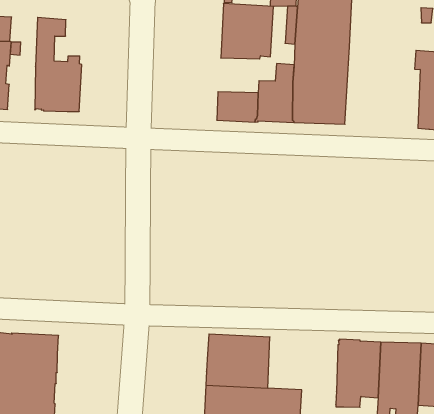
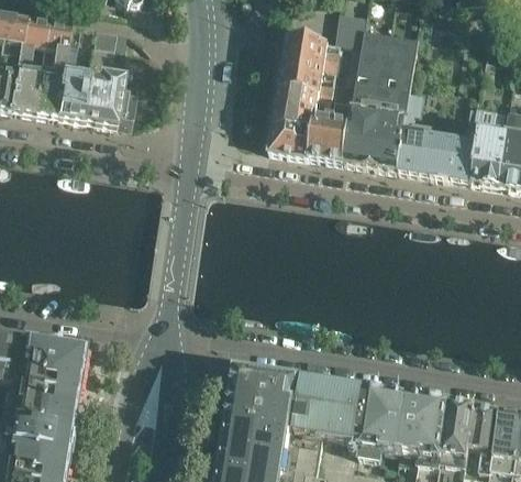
building: none -> [399,90,481,180]
building: none -> [274,87,320,127]
building: none -> [58,70,91,119]
building: none -> [291,376,369,439]

